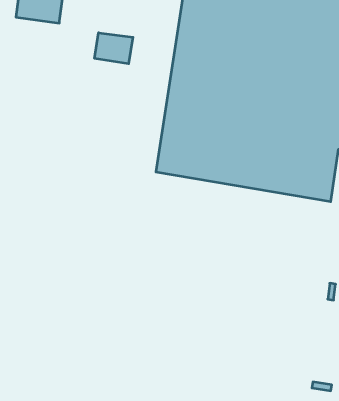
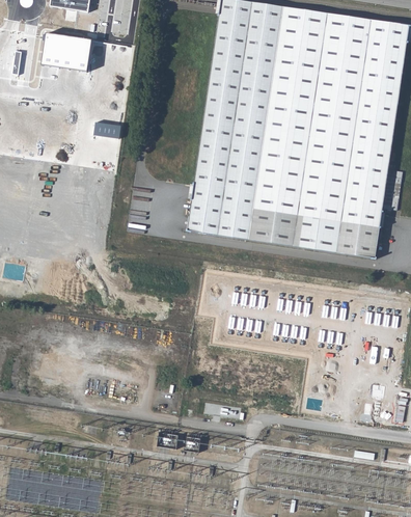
building: [95,33,133,64] -> none

